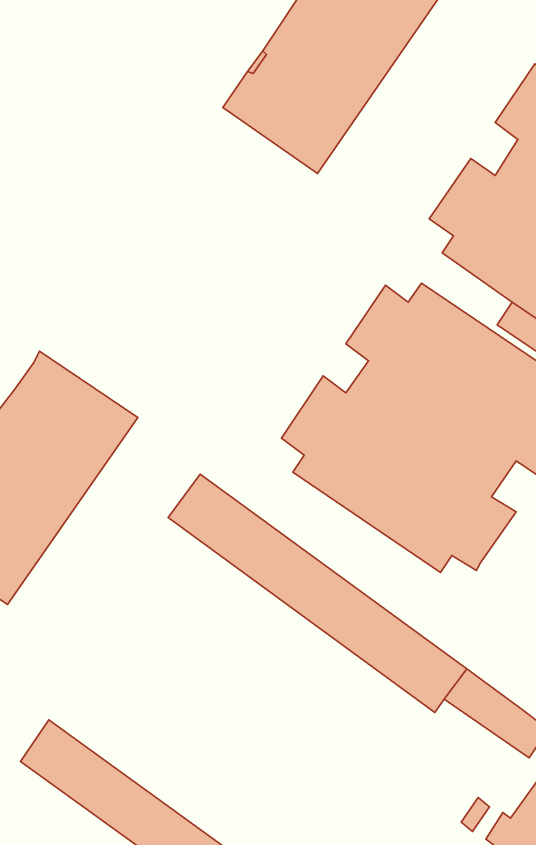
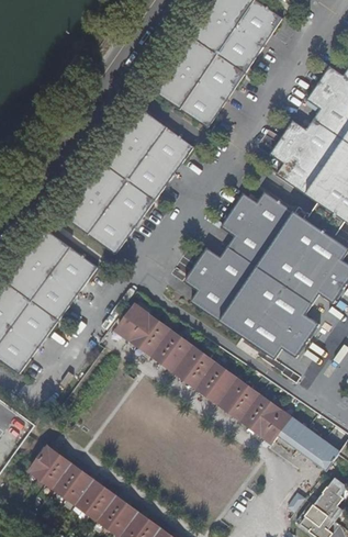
building: none -> [60,108,193,254]

